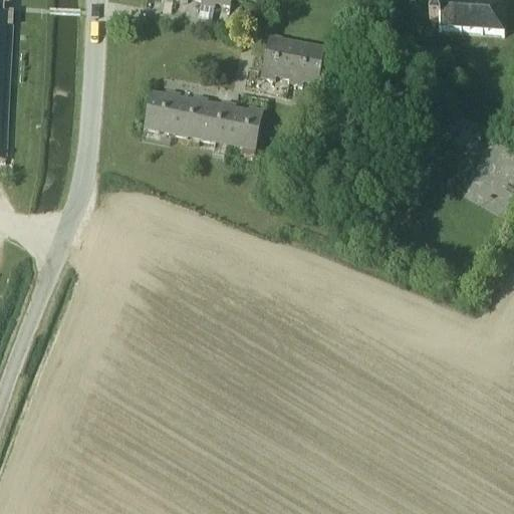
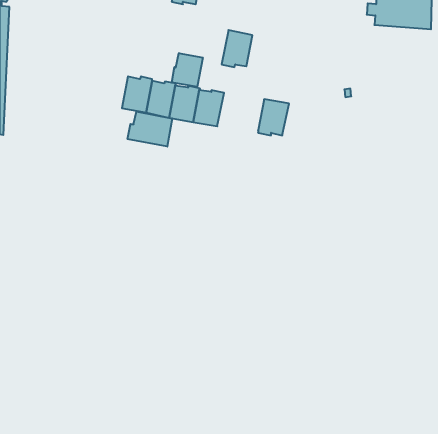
building: [288,41,324,83] -> [258,99,289,135]
building: none -> [172,53,203,87]
building: none -> [128,111,172,147]

